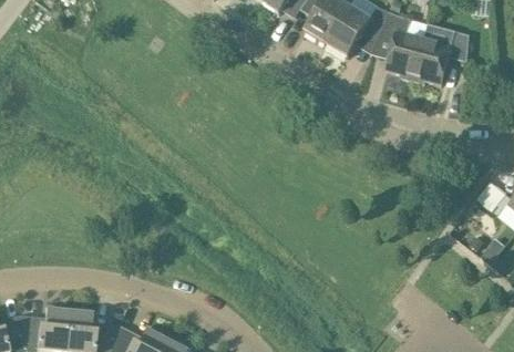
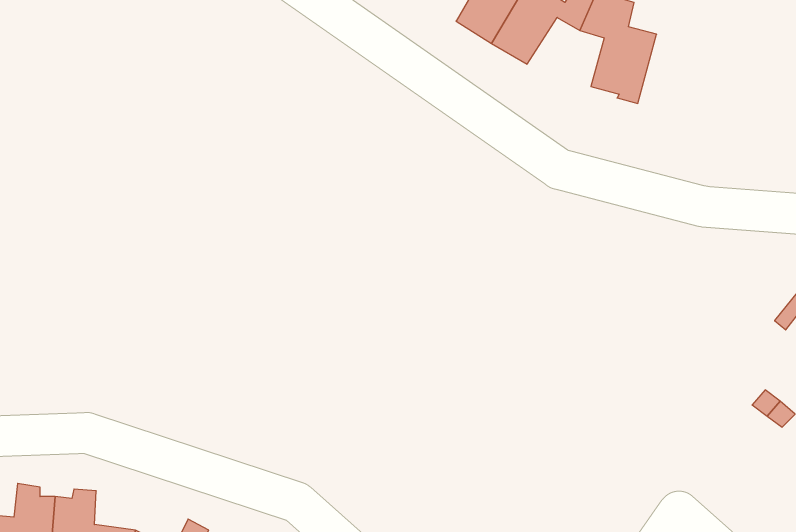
building: [412,29,469,82] -> none

